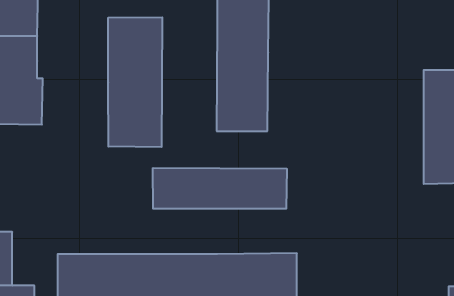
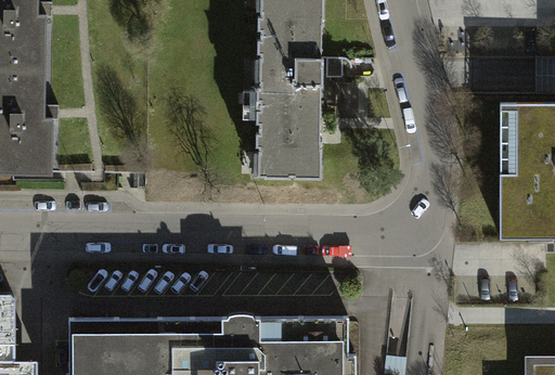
building: [108,17,162,147] -> none
building: [153,168,287,209] -> none

